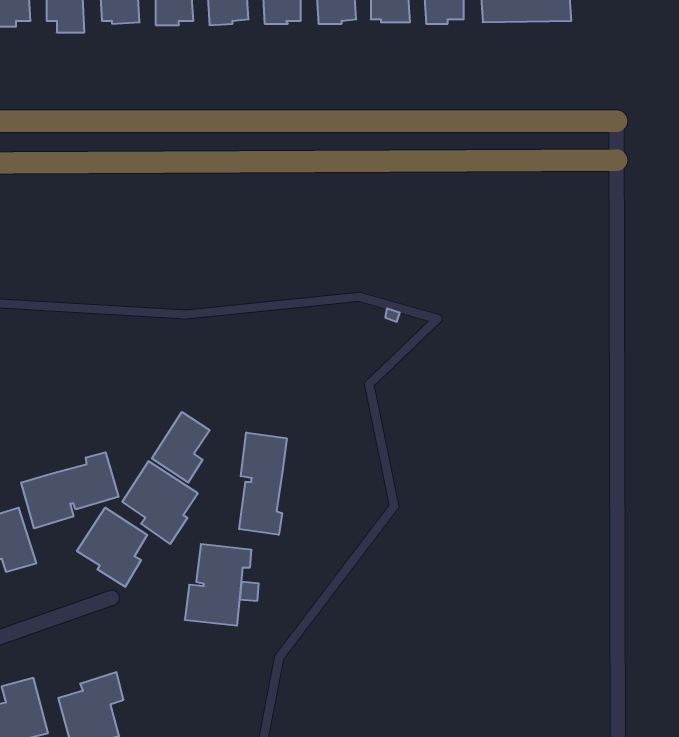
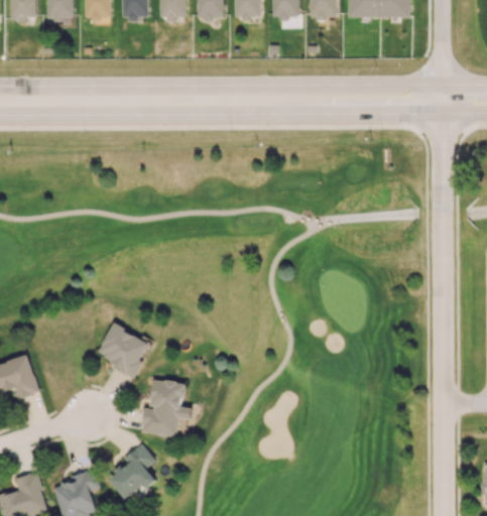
building: [152,412,210,483] -> none
building: [239,432,287,535] -> none
building: [21,452,118,528] -> none
building: [77,508,147,587] -> none
building: none -> [111,440,158,498]

